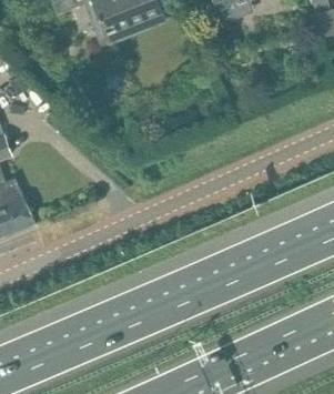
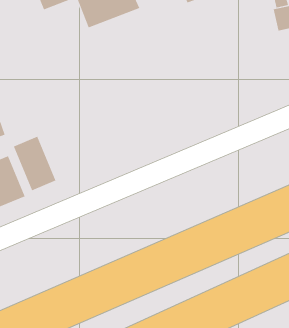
building: none -> [13,136,56,191]

